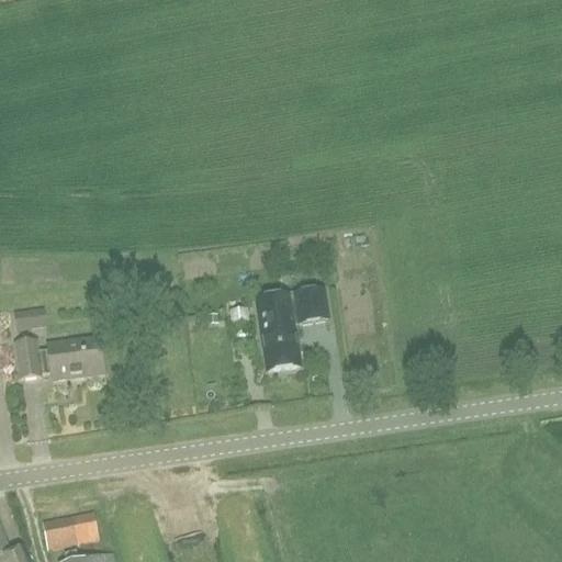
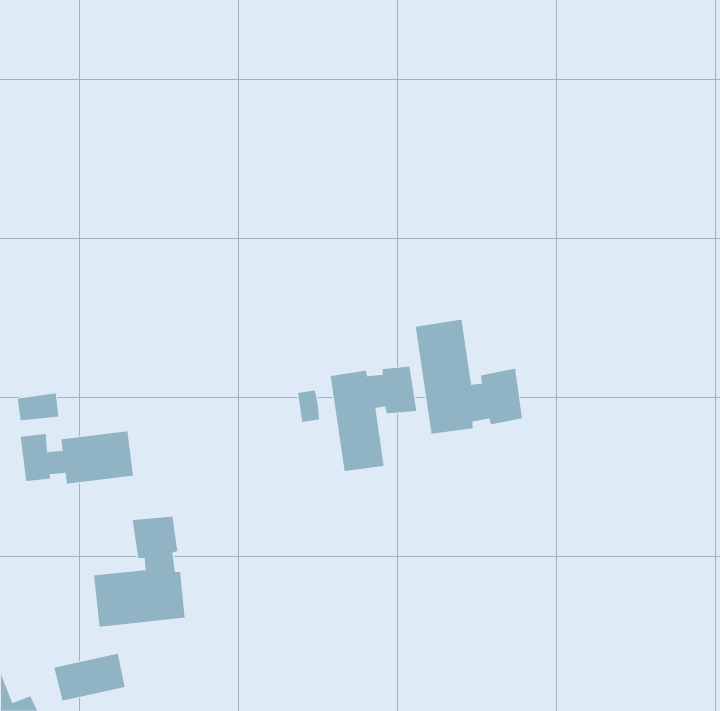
building: none -> [415,319,523,435]
building: none -> [93,516,185,627]

